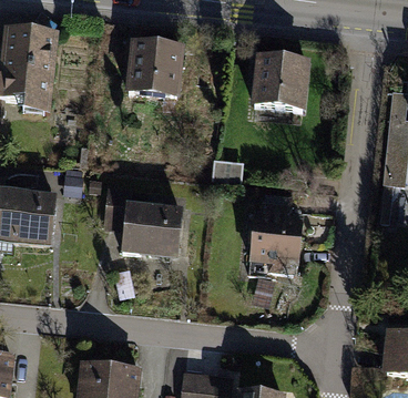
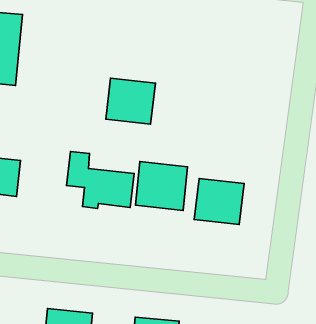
building: [124,43,180,94] -> [106,78,156,124]
building: [256,55,310,106] -> none
building: none -> [136,162,188,211]

